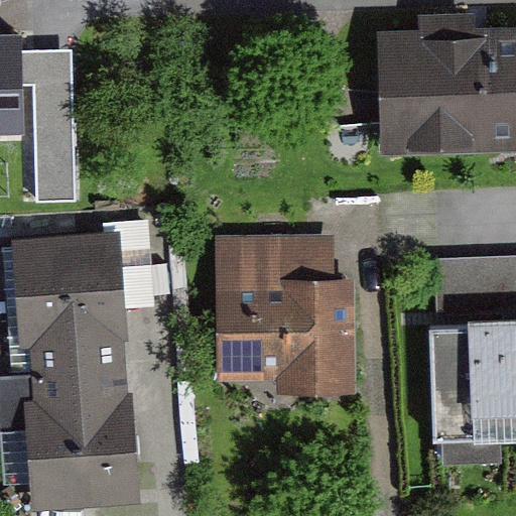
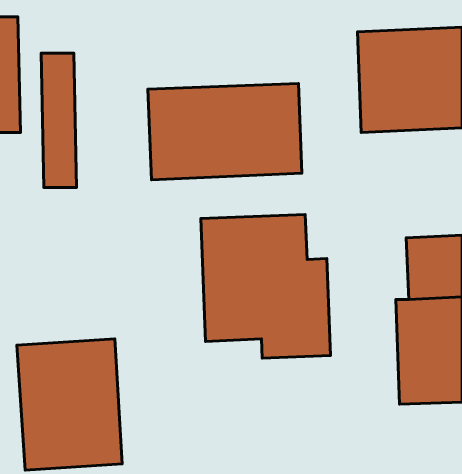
building: none -> [148,83,302,180]
building: [9,235,124,376] -> none

